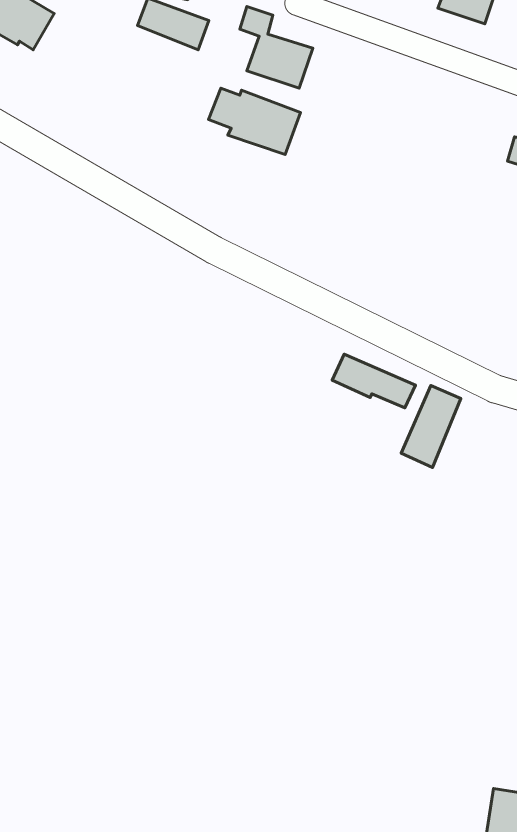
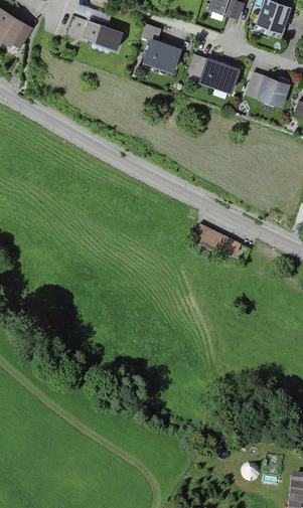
building: none -> [245,71,290,107]
building: [209,88,301,154] -> [187,54,241,93]
building: [401,385,461,468] -> none

